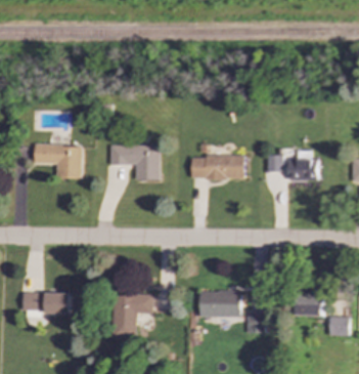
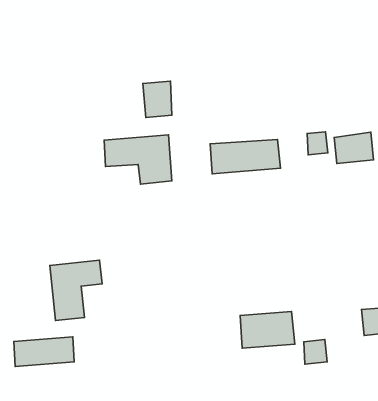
building: none -> [143,81,172,118]
building: [33,143,81,178] -> none
building: [115,294,153,337] -> [50,260,102,321]

